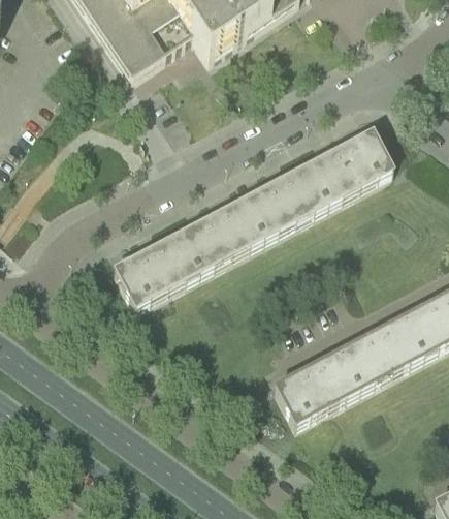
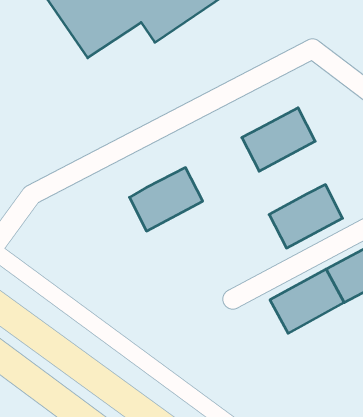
building: [245,166,328,239] -> [269,185,343,248]
building: [116,235,200,307] -> none
building: [277,352,361,424] -> none

